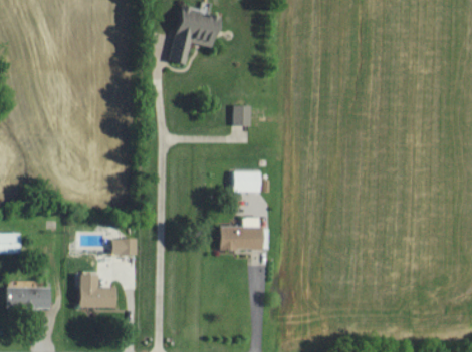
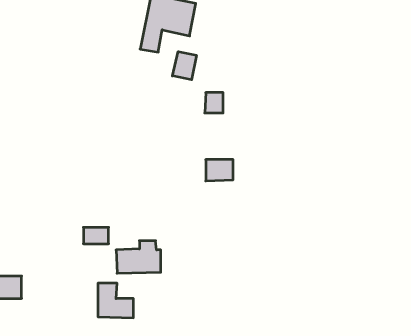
building: none -> [172,52,196,80]
building: [219,218,263,250] -> [116,241,161,273]
building: [79,274,114,308] -> [98,283,133,318]

